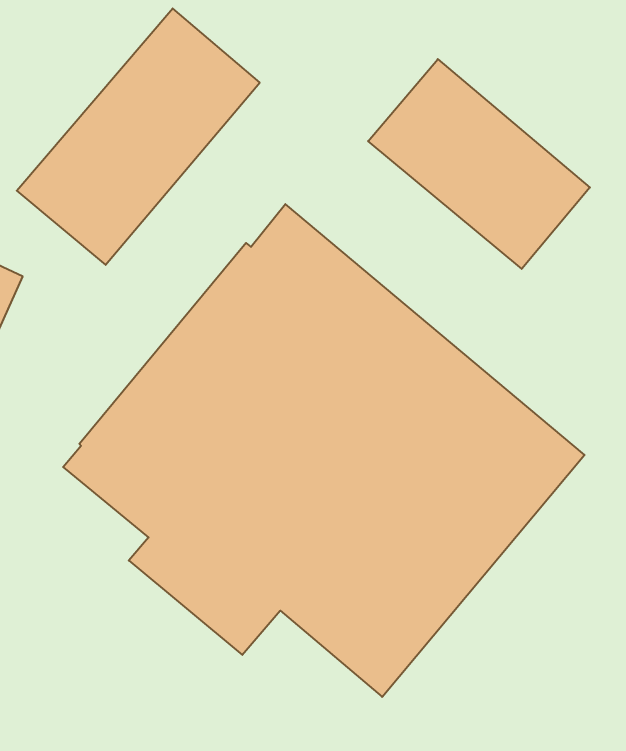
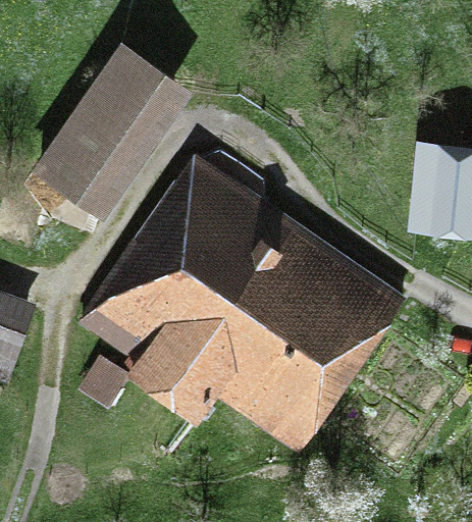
building: [368,59,590,269] -> none

